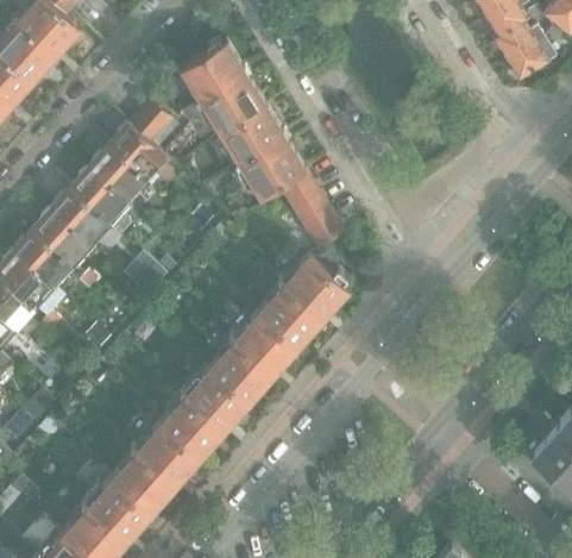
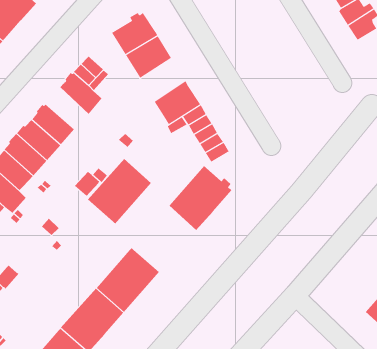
building: [221,106,284,167] -> none
building: [90,146,151,205] -> none
building: [209,309,298,401] -> [87,158,152,225]

